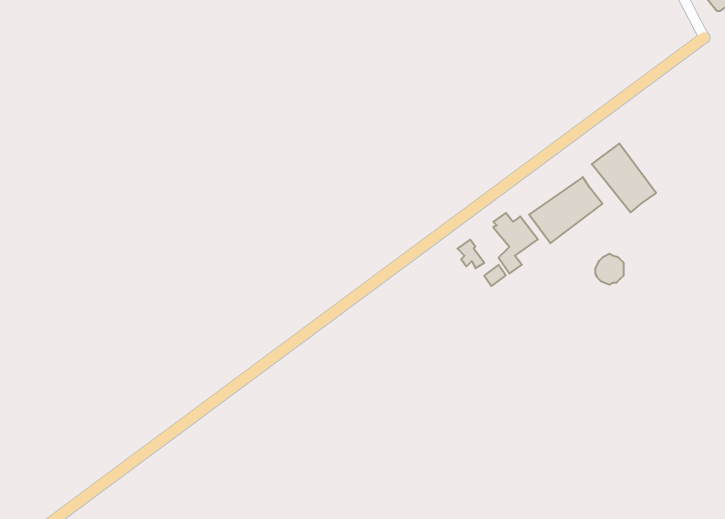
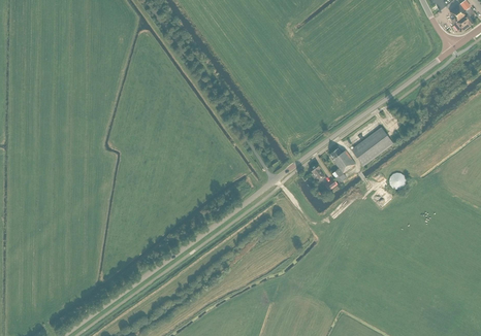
building: [592,143,656,212] -> none

